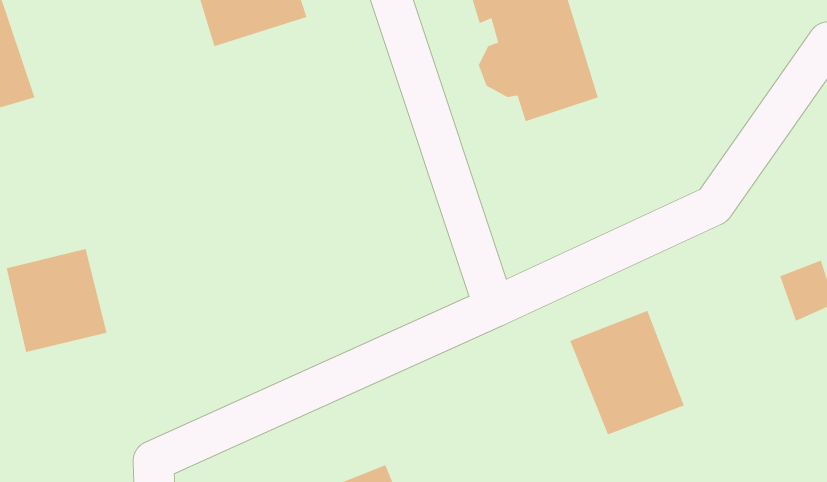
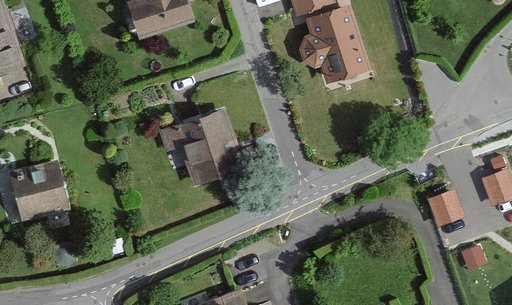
building: none -> [172,108,244,185]
building: none -> [428,188,465,226]
building: [569,310,685,436] -> none

